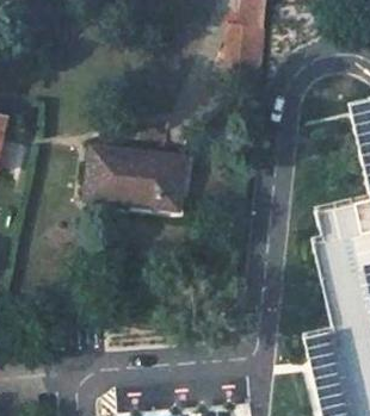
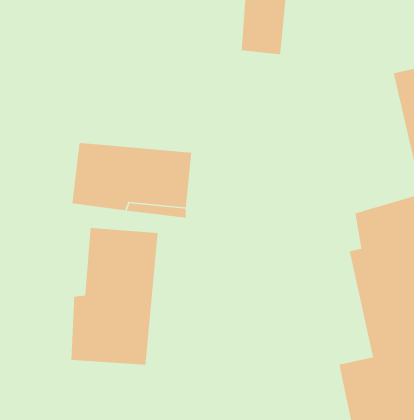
building: none -> [70,227,158,365]

